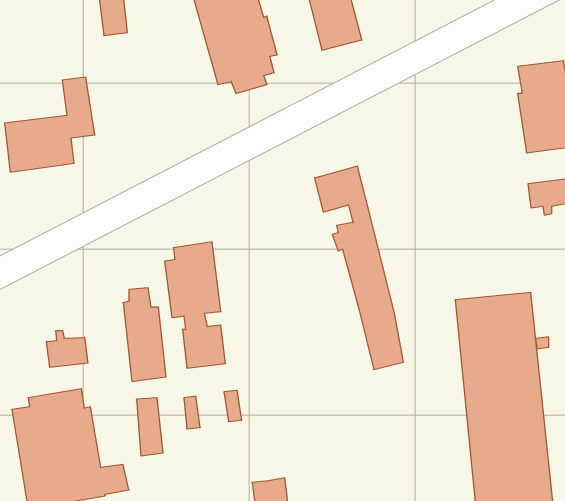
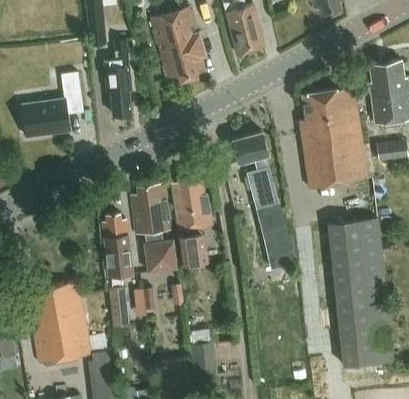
building: none -> [105,40,131,116]
building: none -> [299,87,367,189]
building: none -> [172,174,212,264]
building: [47,330,88,367] -> none

